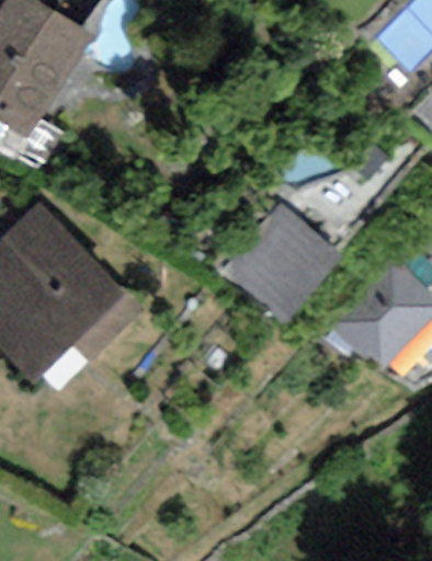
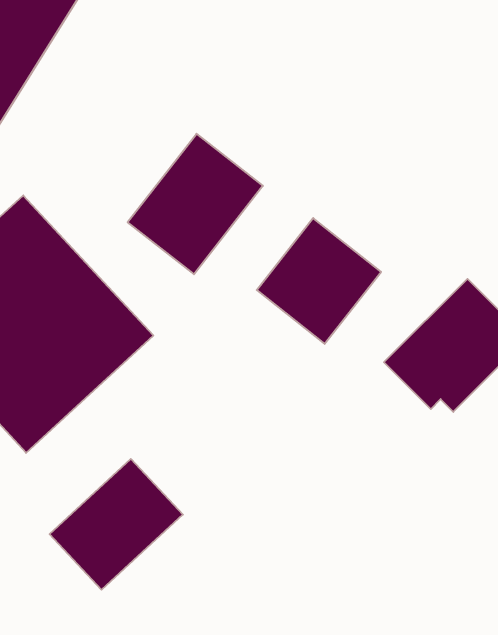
building: none -> [128,134,263,274]
building: none -> [50,459,183,590]

